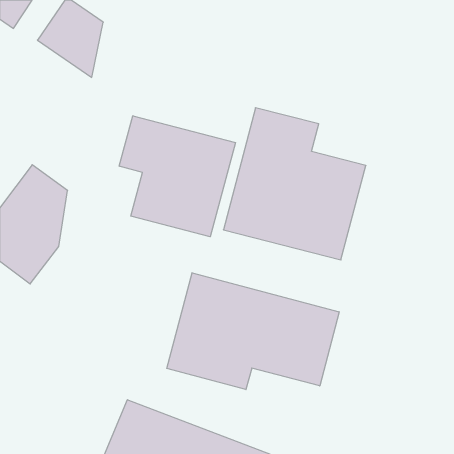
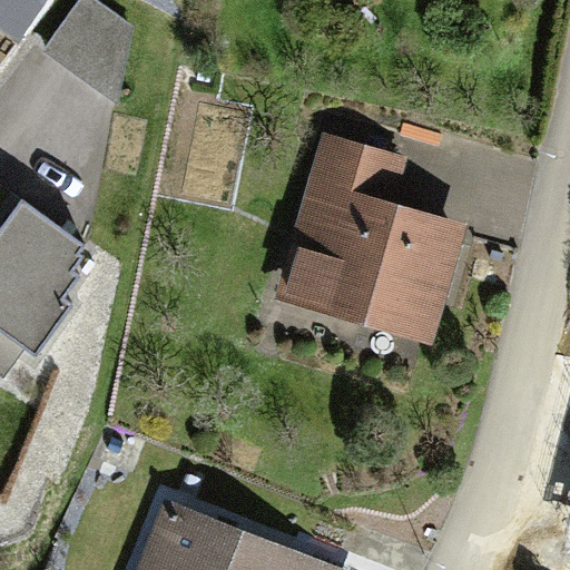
building: [119,116,236,237] -> none
building: [167,273,339,390] -> none

